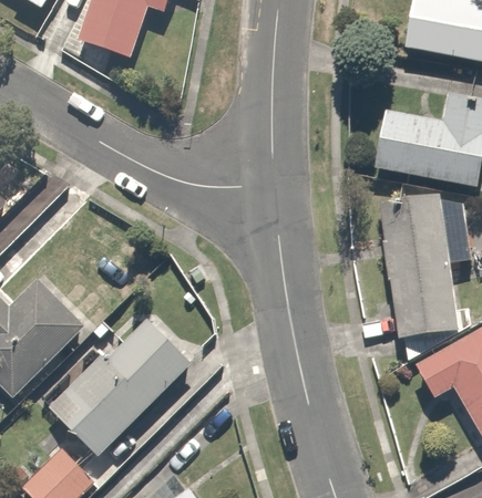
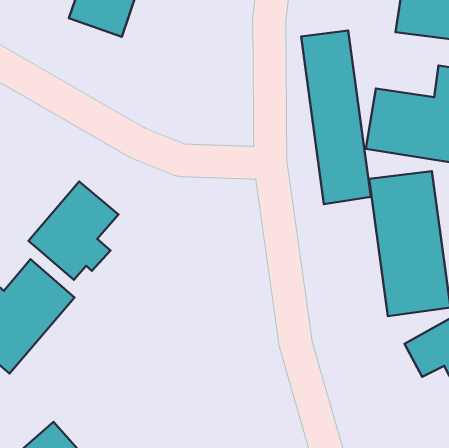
building: none -> [301,30,371,204]
building: none -> [28,182,119,280]
building: [61,322,189,457] -> none

